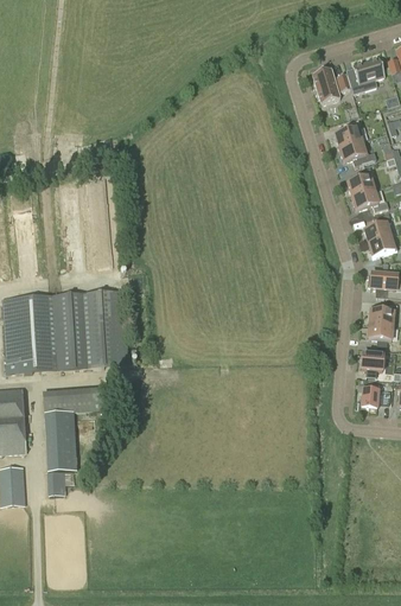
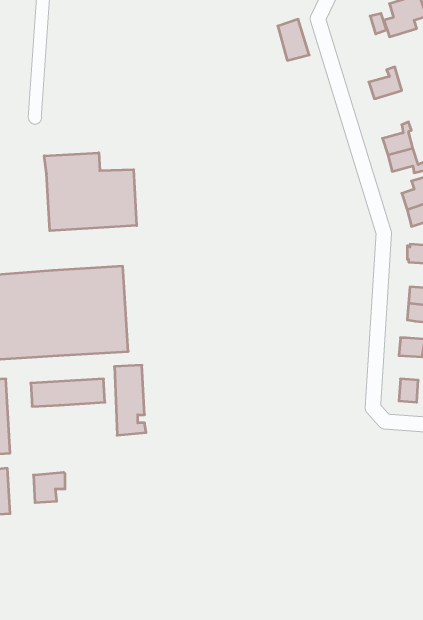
building: [313,66,340,102] -> [278,19,309,60]
building: [340,139,376,164] -> none
building: none -> [44,153,137,231]
building: [45,410,72,471] -> [114,365,146,435]

